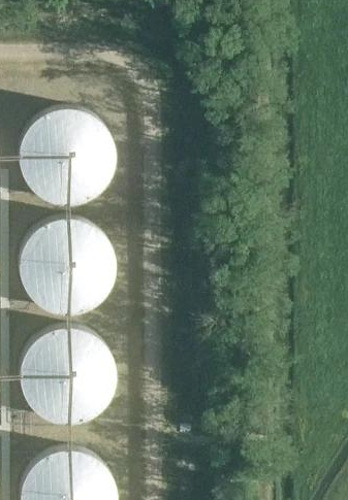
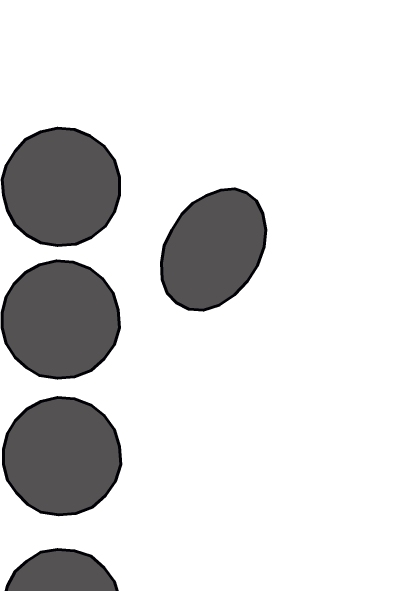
building: none -> [161,189,266,310]

